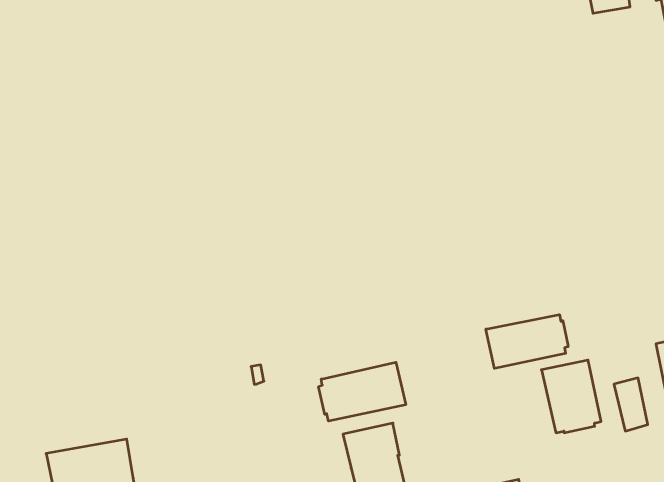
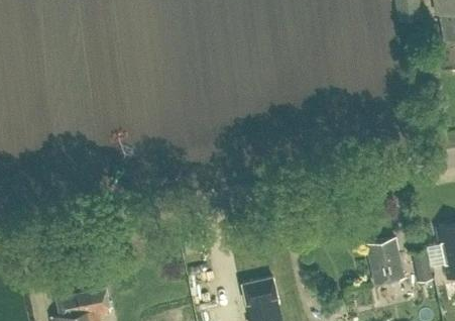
building: [486,315,568,368] -> none
building: [319,362,406,421] -> none

